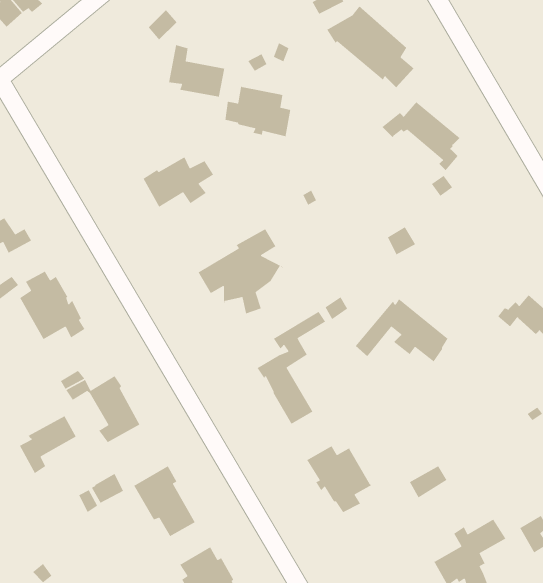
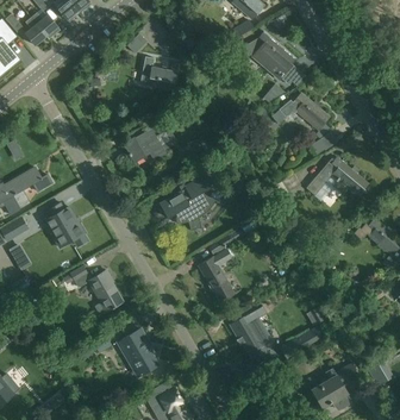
building: [225,85,291,137] -> none
building: [355,298,448,363] -> [307,157,368,199]
building: [19,415,77,474] -> none

